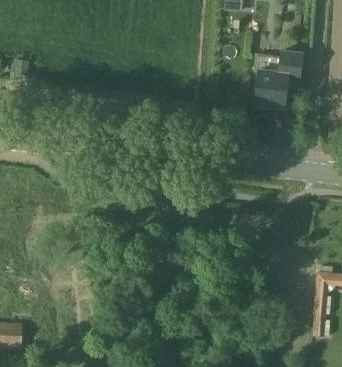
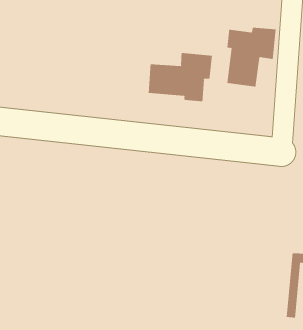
building: none -> [148,52,213,102]

